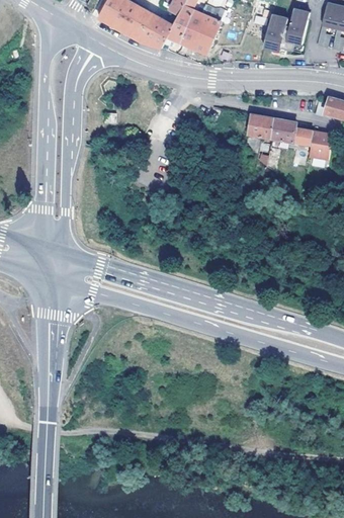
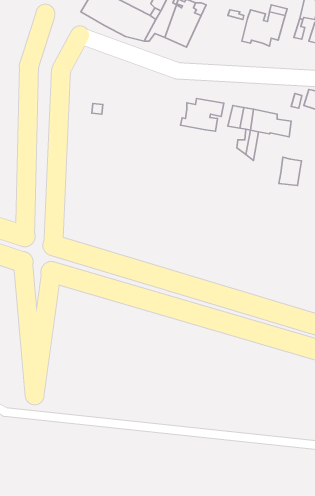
building: none -> [180,98,224,131]
building: [309,130,332,159] -> [279,157,301,186]

